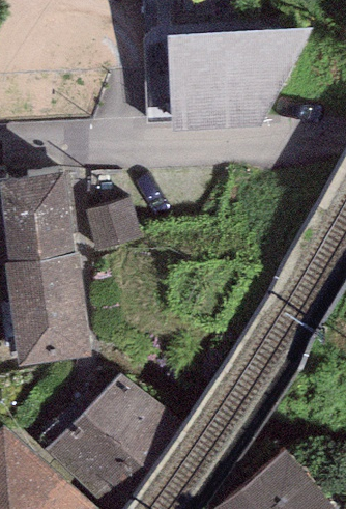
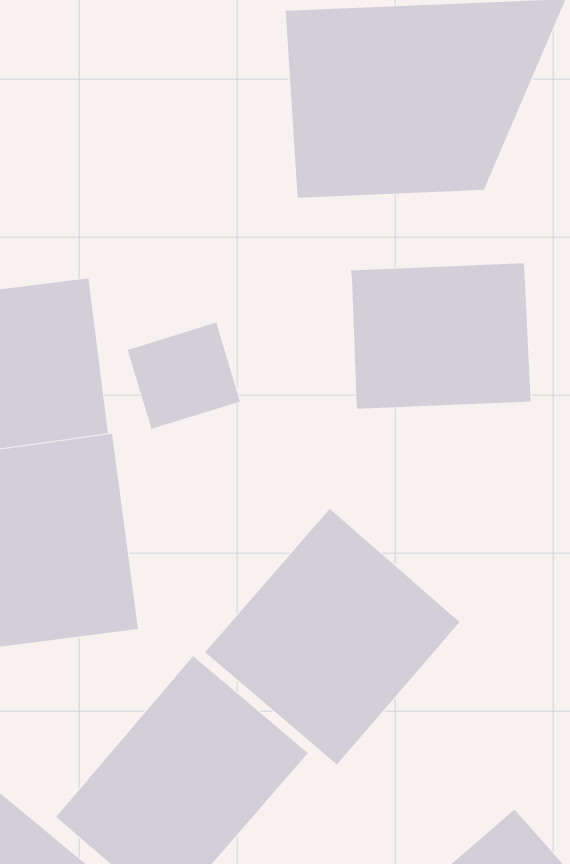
building: none -> [350,262,531,409]
building: none -> [204,508,461,766]

